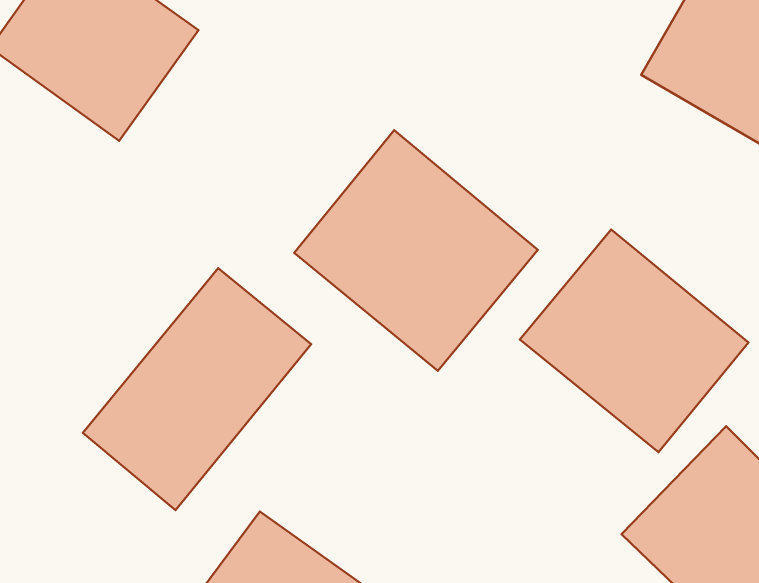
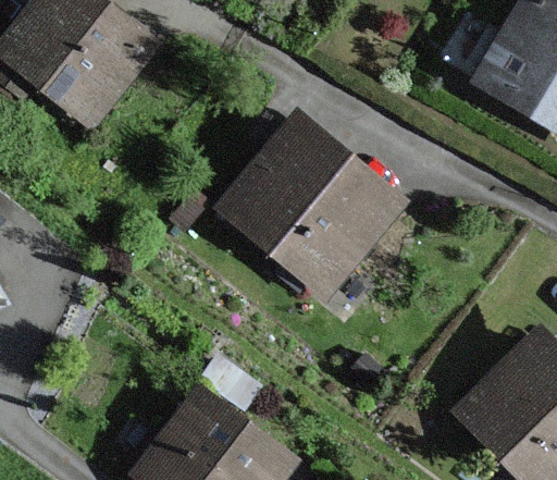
building: [520,230,748,452] -> none
building: [83,268,311,510] -> none

